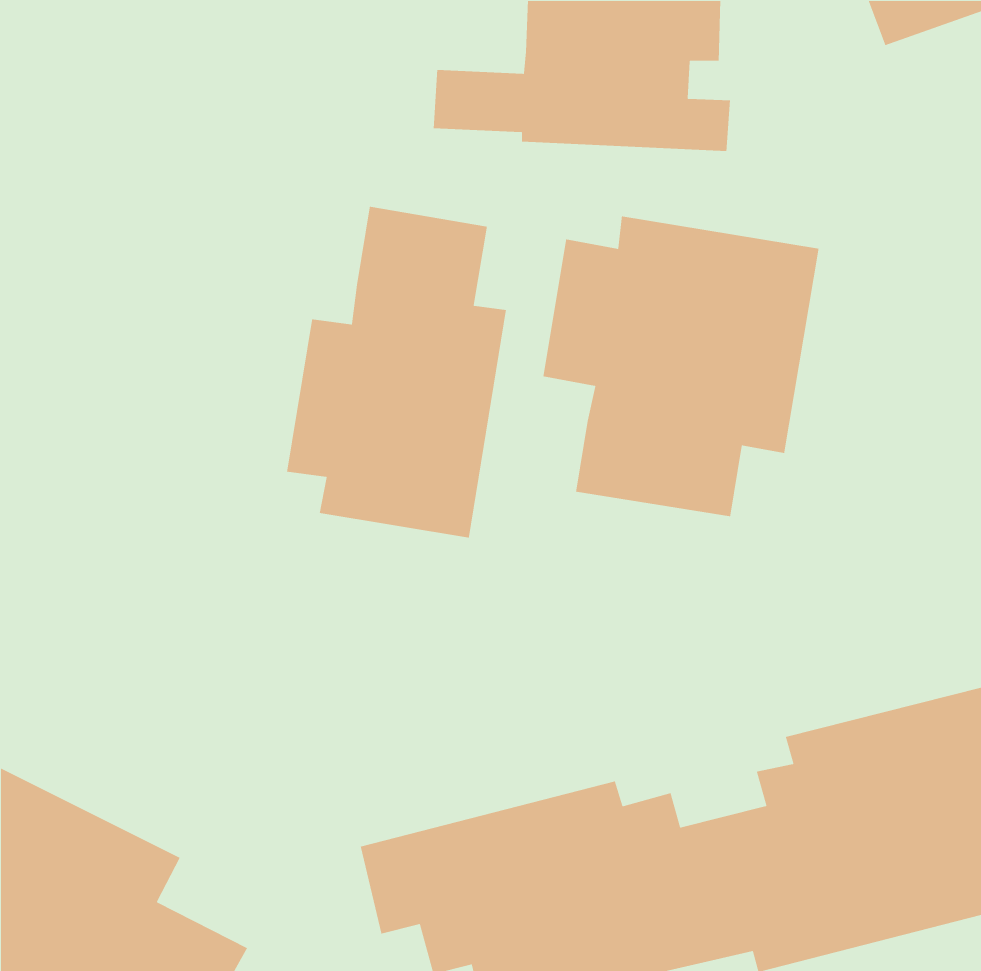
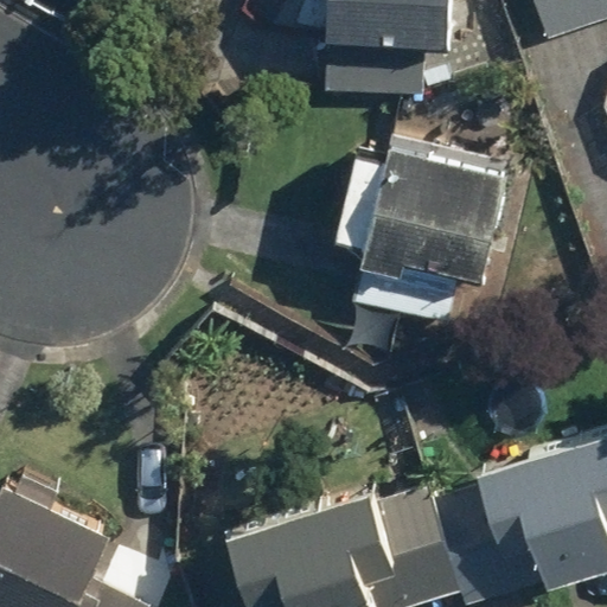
building: [286,206,507,538] -> none

